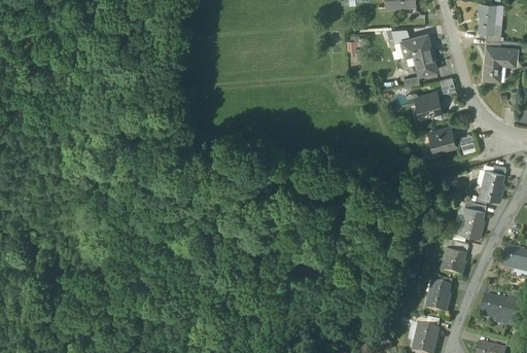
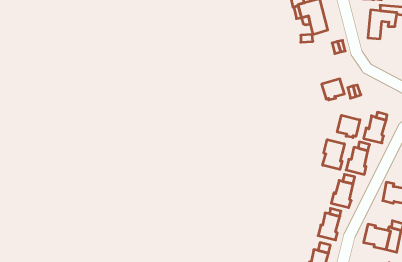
building: [415,91,441,114] -> none
building: none -> [337,115,360,138]
building: none -> [323,140,344,169]

